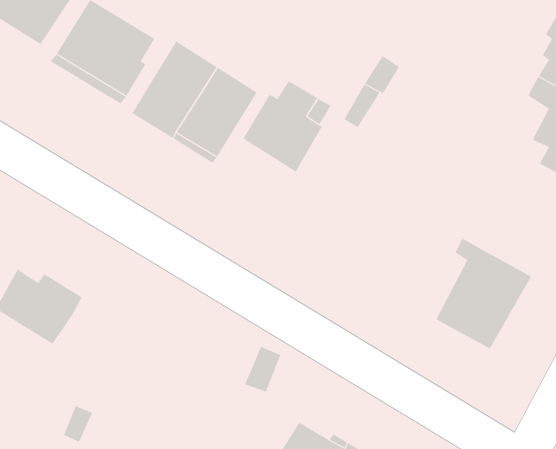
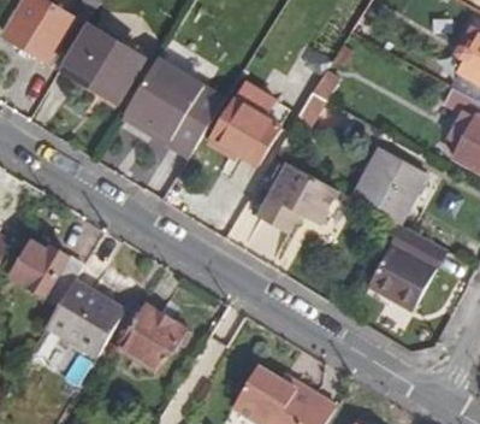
building: none -> [351,147,425,222]
building: none -> [257,163,343,234]
building: none -> [46,281,117,354]
building: none -> [117,302,190,371]

